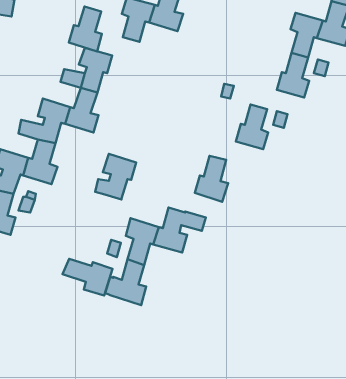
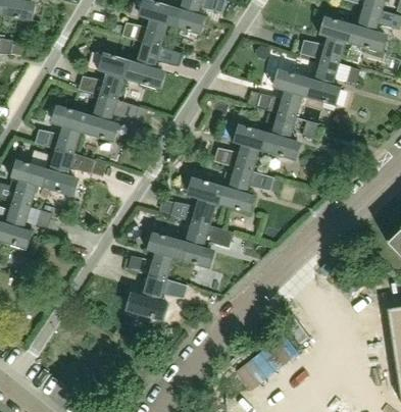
building: [69,7,102,51] -> [128,41,162,88]
building: none -> [275,69,310,116]
building: none -> [233,123,267,169]
building: [95,154,136,199] -> [182,176,224,224]
building: [63,259,113,296] -> none

